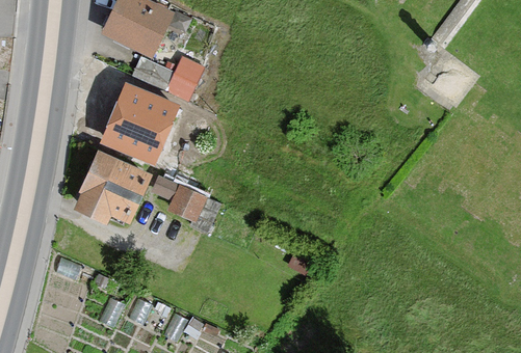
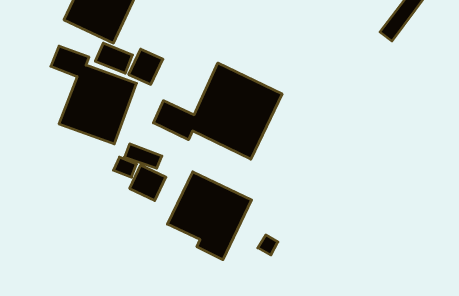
building: none -> [153,63,282,159]
building: [74,147,151,221] -> none
building: none -> [167,172,252,260]

